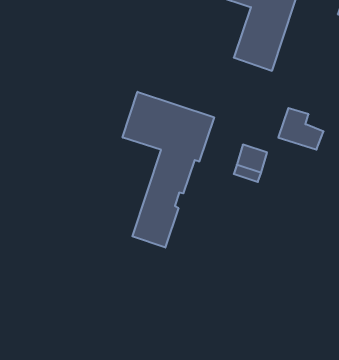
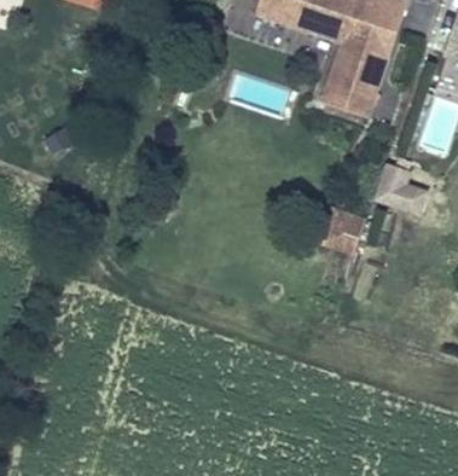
building: [123,92,214,248] -> none

